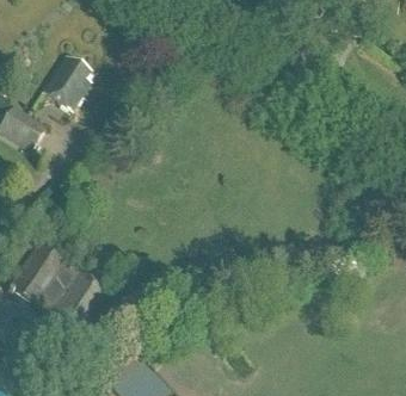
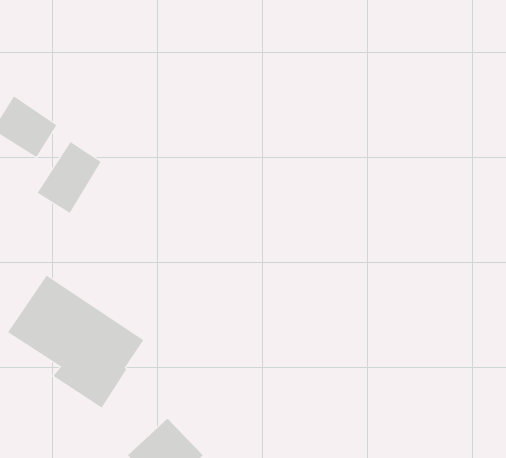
building: [43,52,91,107] -> none
building: none -> [37,141,101,214]

